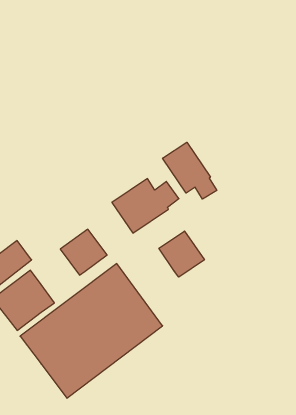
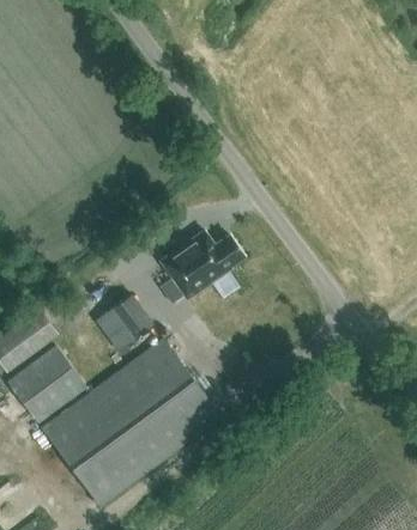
building: [163,142,217,199] -> none
building: [159,231,204,277] -> none

